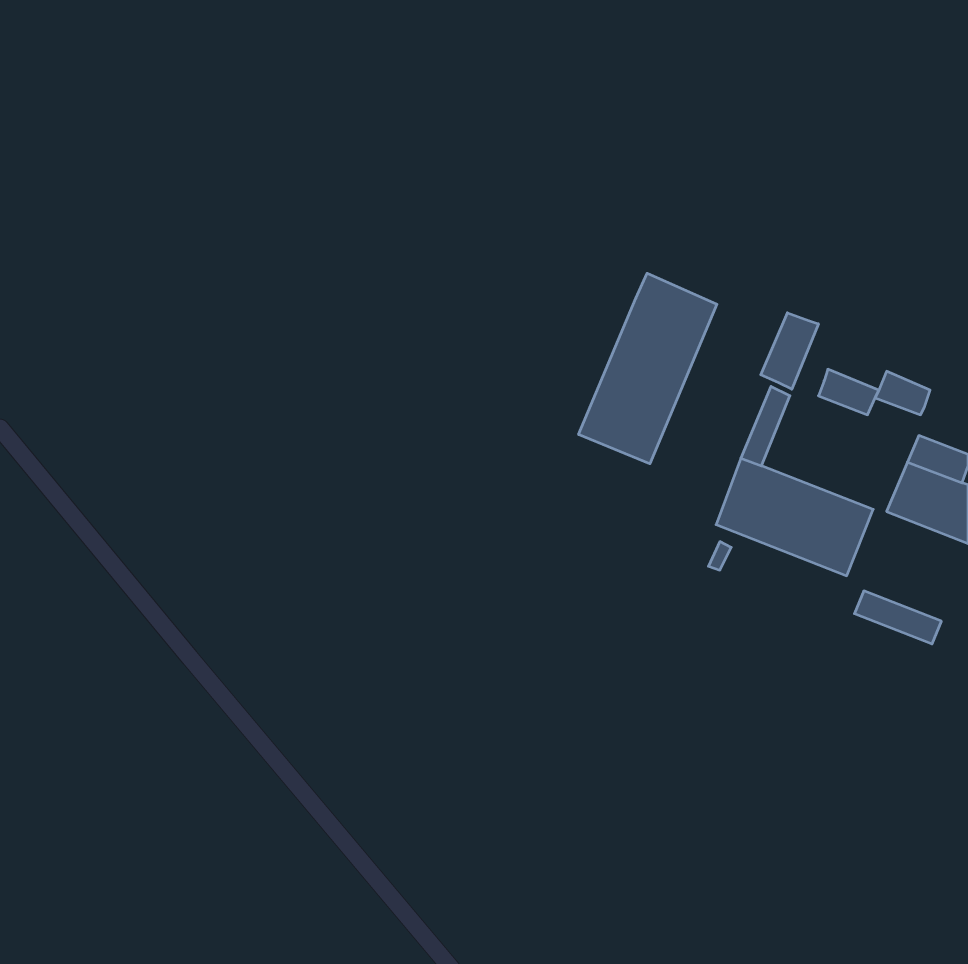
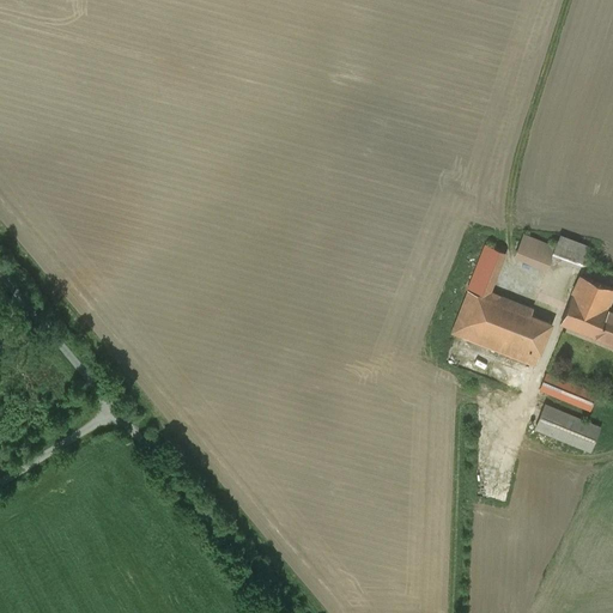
building: [579,273,717,464] -> none
building: [761,313,818,389] -> none
building: none -> [535,406,600,451]

